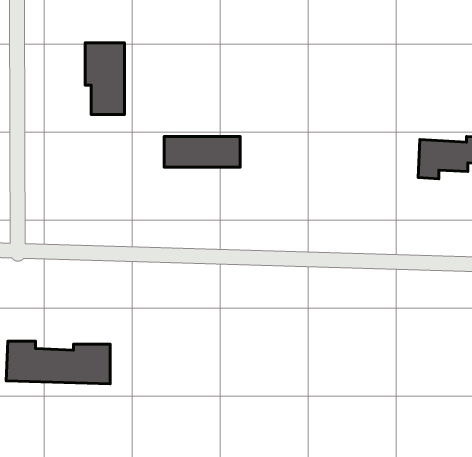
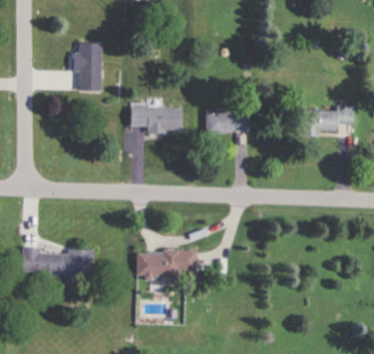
building: none -> [206,110,250,132]
building: none -> [135,250,196,280]

